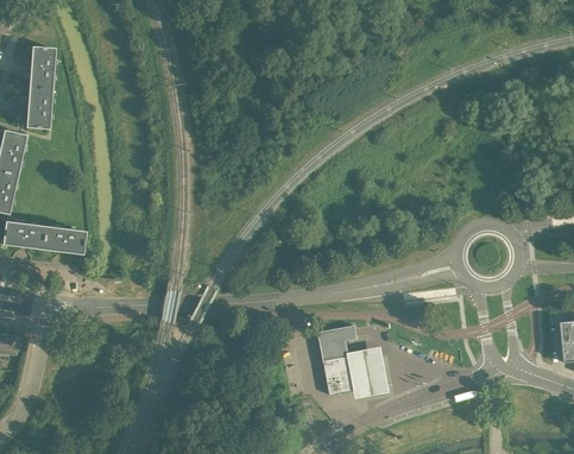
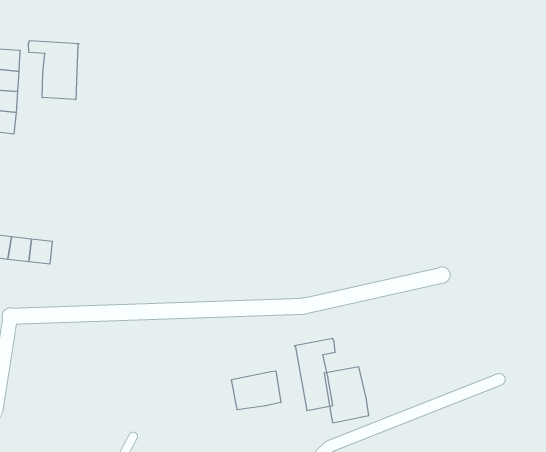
building: none -> [29,41,79,100]
building: none -> [231,371,281,410]

